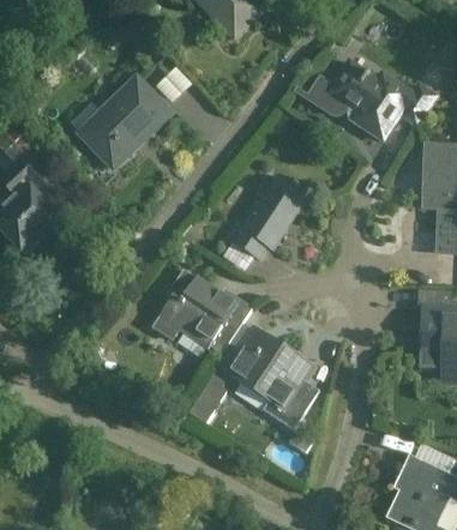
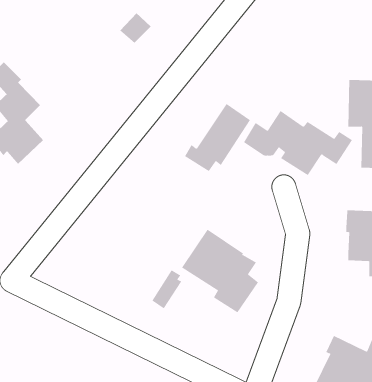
building: [303,60,435,139] -> [243,110,353,176]
building: [70,78,164,169] -> none
building: [150,269,251,354] -> none

